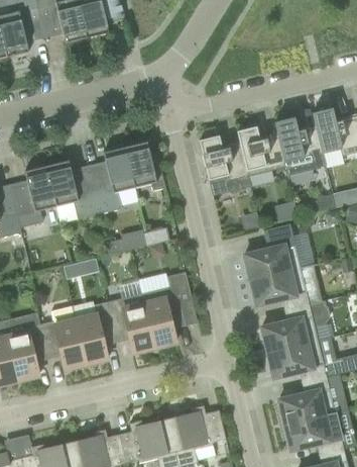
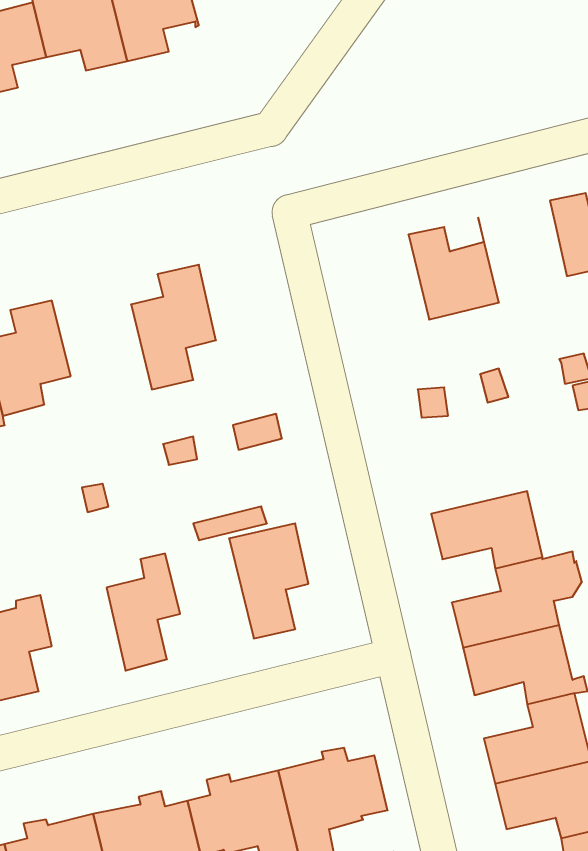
building: [274,117,325,175] -> none
building: [199,130,250,195] -> none
building: [125,142,165,190] -> none
building: [46,160,100,219] -> none
building: [243,223,301,280] -> none
building: [107,293,154,353] -> none
building: [40,319,86,369] -> none

